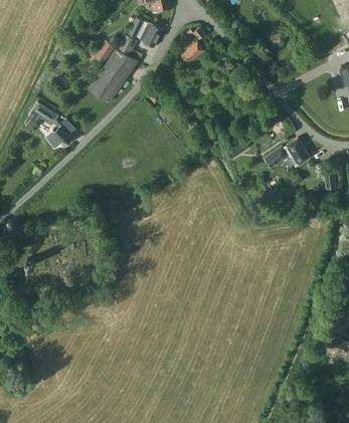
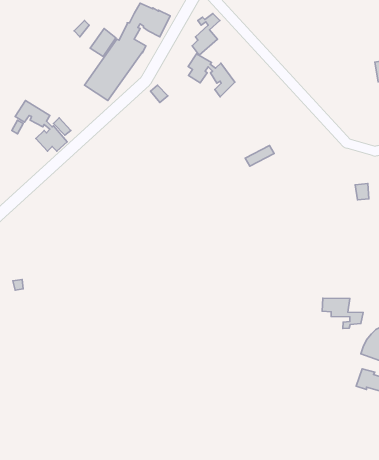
building: none -> [188,54,235,97]
building: [265,139,311,168] -> none
building: none -> [322,298,363,329]

